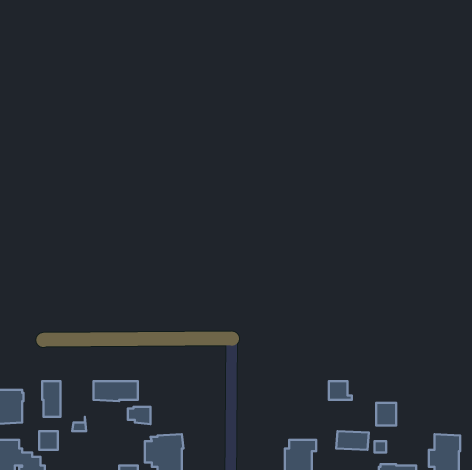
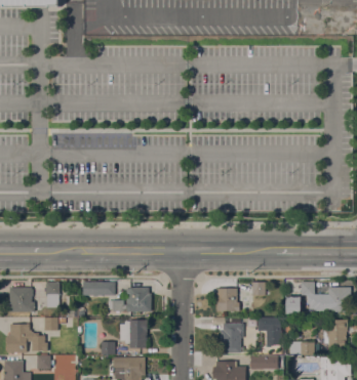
building: none -> [301,282,351,311]
building: none -> [126,288,151,311]
building: none -> [215,288,240,311]

